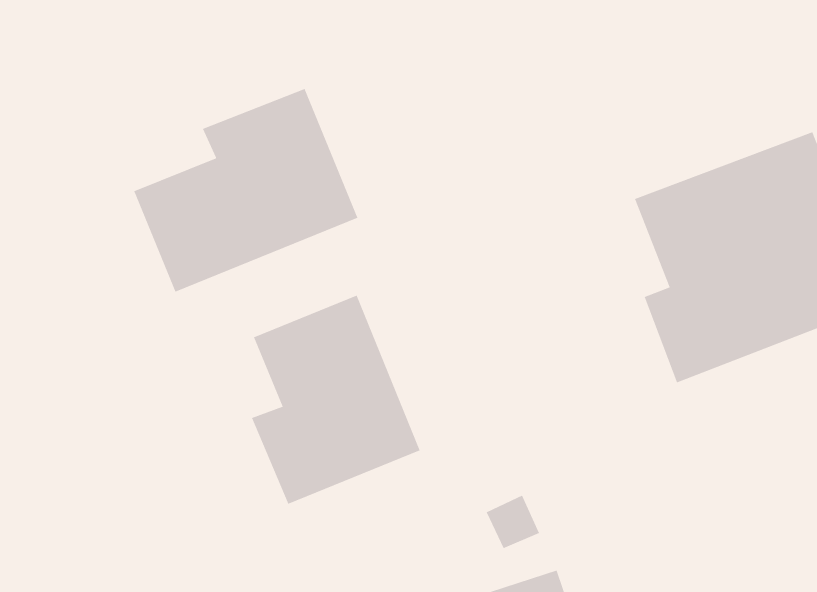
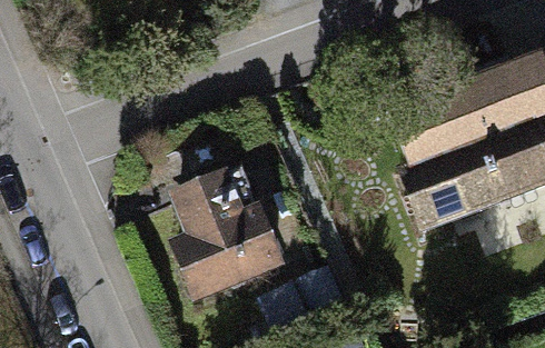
building: [134,88,358,293] -> none

